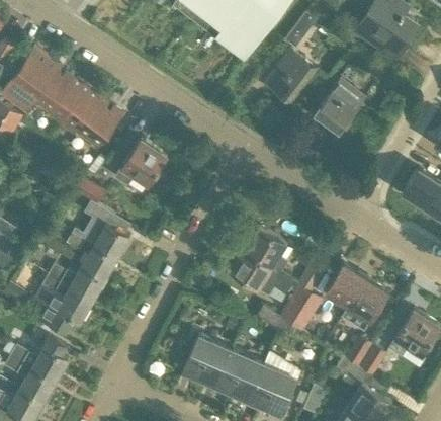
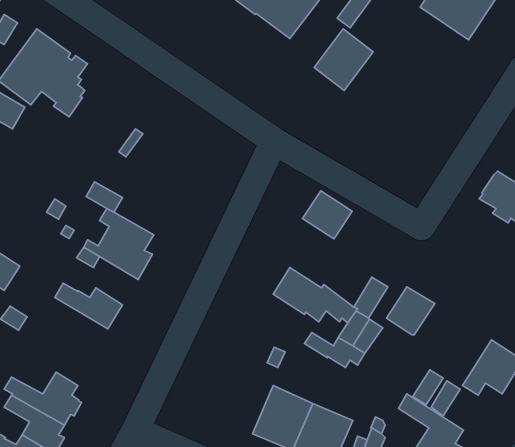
building: [312,77,365,133] -> none
building: [60,79,123,151] -> none
building: [116,140,168,186] -> none
building: [245,227,286,267] -> [303,191,352,239]
building: [82,246,117,281] -> none
building: [28,275,92,332] -> none
building: [342,280,387,331] -> none
building: [181,335,231,390] -> none

